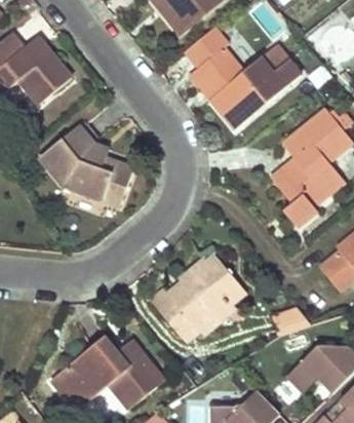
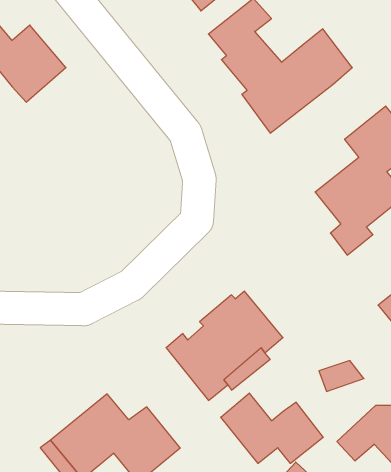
building: [39,124,131,204] -> none
building: none -> [221,393,323,463]

